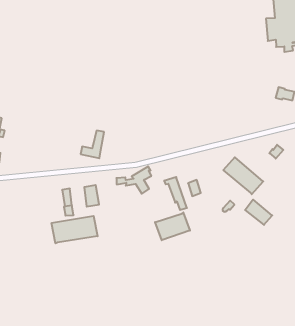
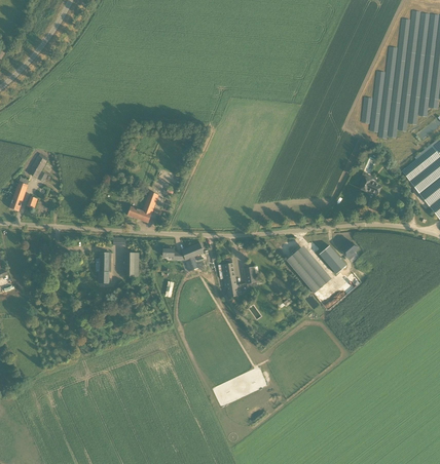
building: [245,200,272,225] -> [318,244,347,275]
building: [155,212,190,240] -> none
building: [52,216,98,243] -> none

